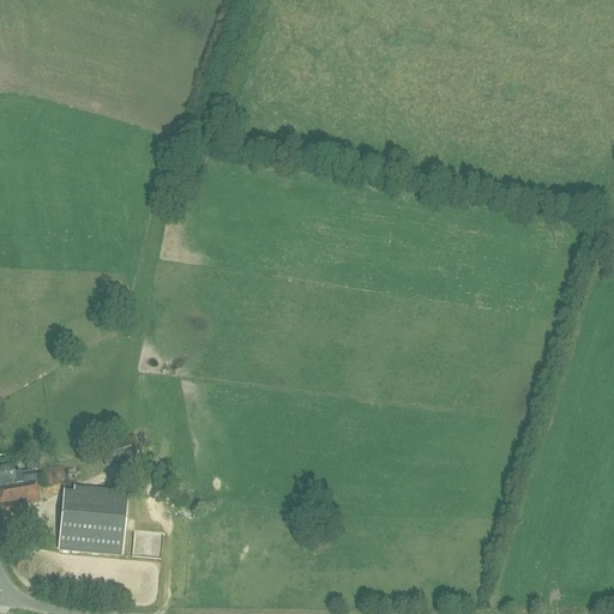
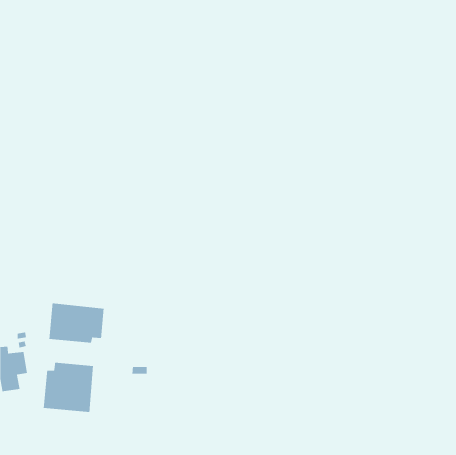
building: none -> [49,303,105,344]

